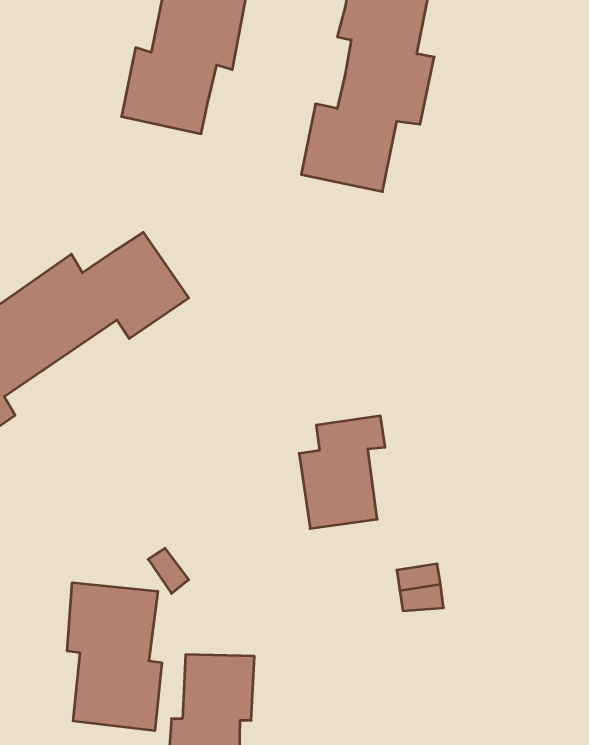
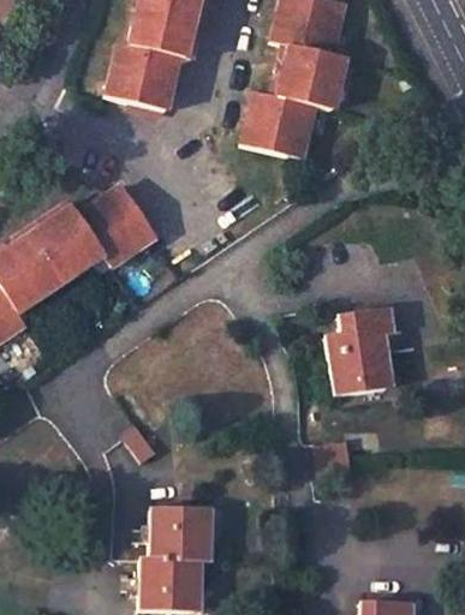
building: [299,416,385,529] -> [327,309,393,395]
building: [67,583,162,731] -> none

